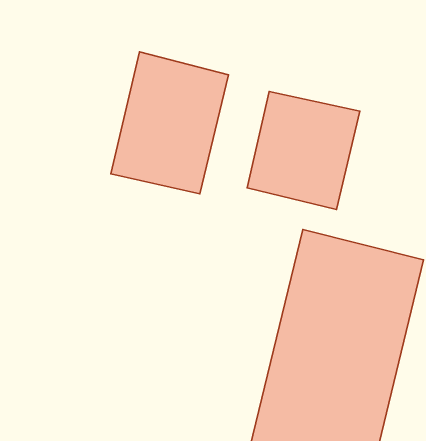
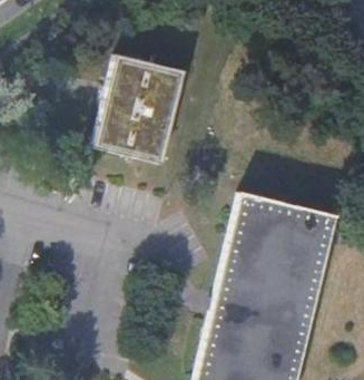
building: [247,91,360,210] -> none

